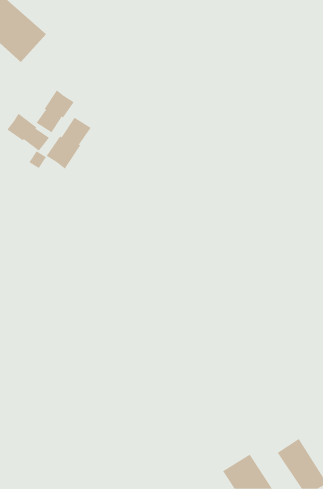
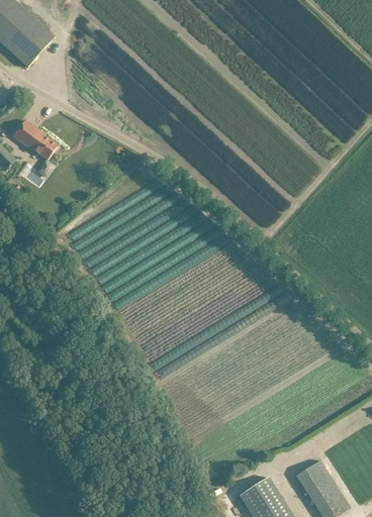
building: [36,90,74,133] -> none
building: [46,117,91,170] -> none

